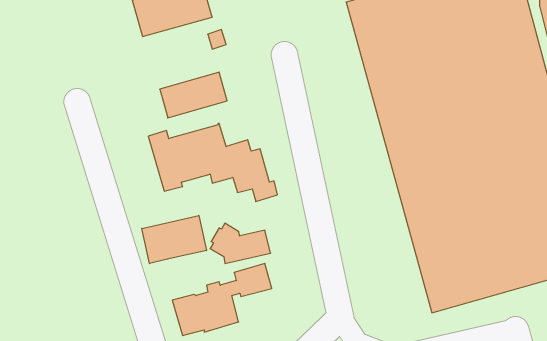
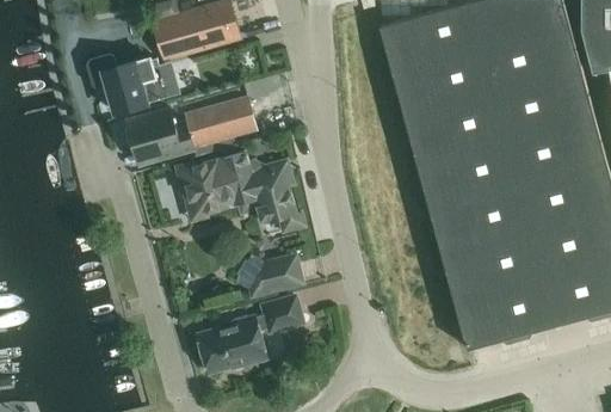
building: none -> [87,54,175,112]
building: none -> [126,107,193,155]
building: [142,215,207,264] -> none

